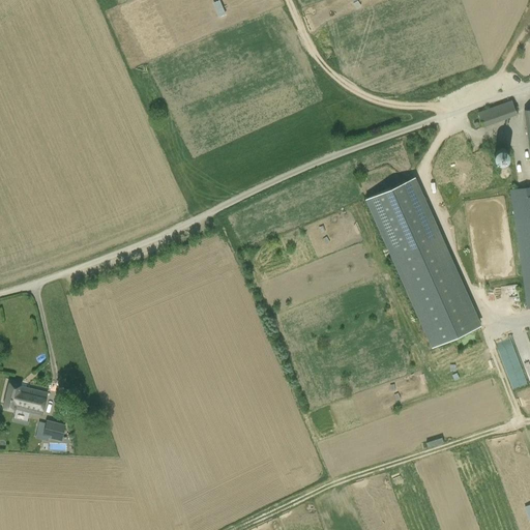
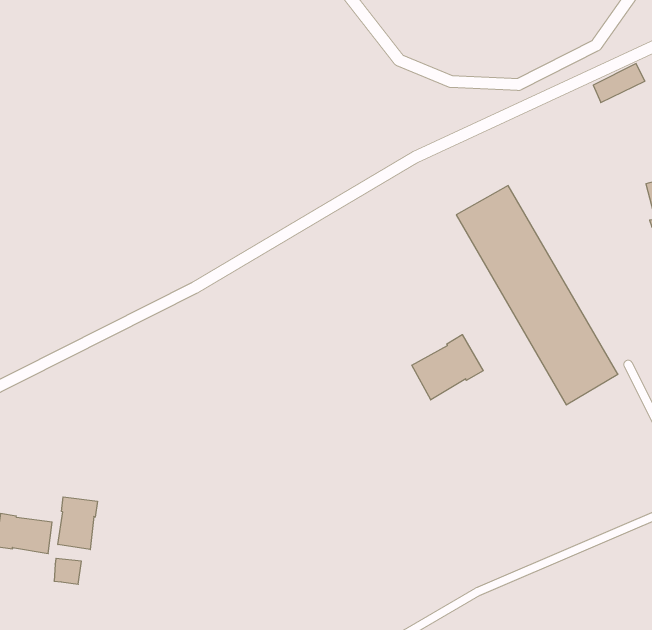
building: none -> [412,335,483,400]
building: none -> [58,497,97,550]

